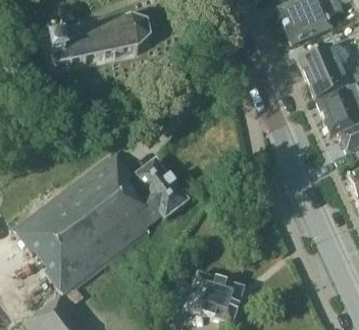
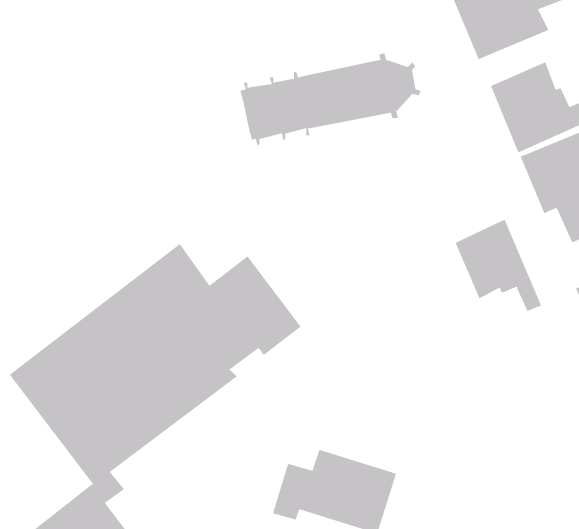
building: [45,13,152,68] -> [240,53,421,146]
building: none -> [455,219,542,312]

